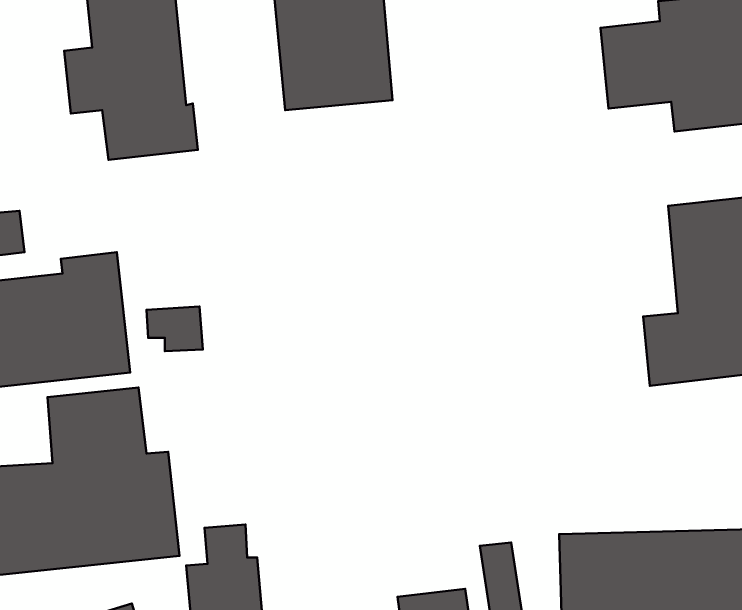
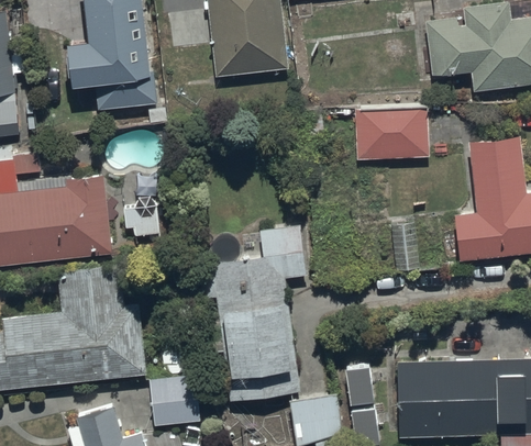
building: none -> [354,107,429,163]
building: none -> [191,225,309,402]

